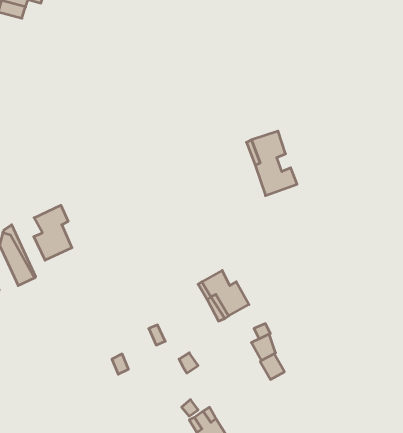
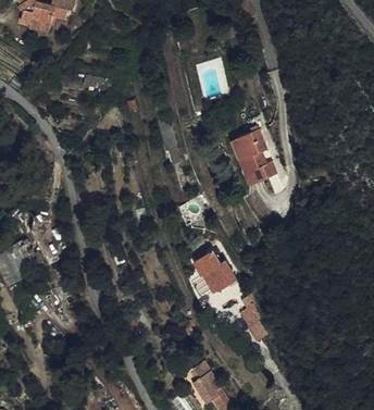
building: [34,205,72,260] -> none

